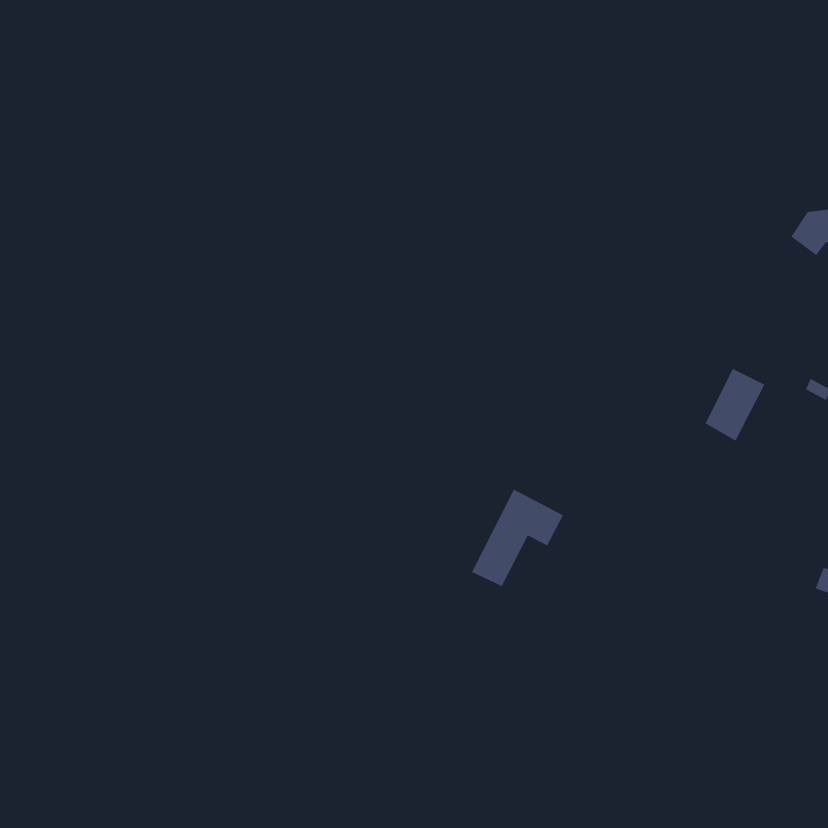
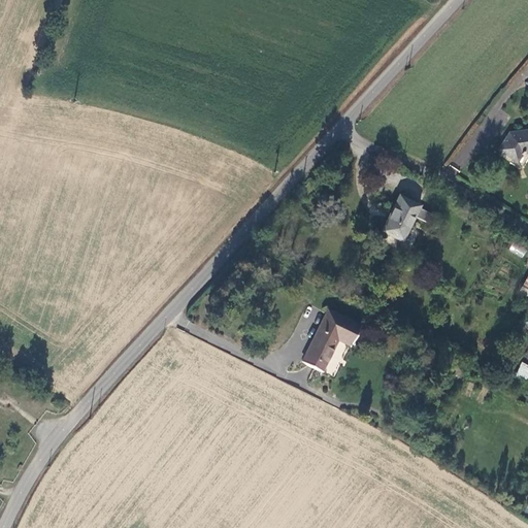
building: [705,368,765,441] -> [384,195,422,241]

